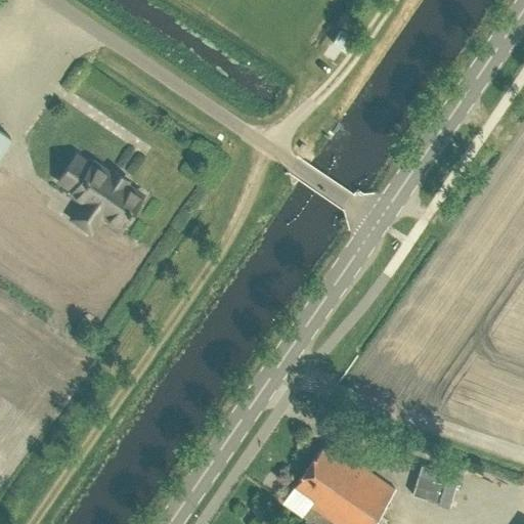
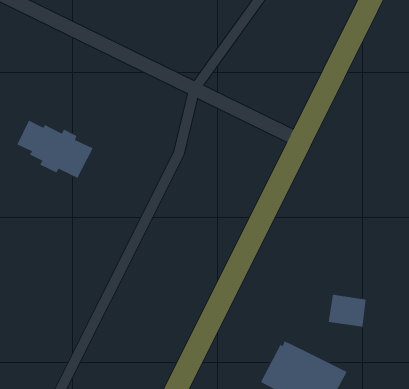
building: [410,465,457,507] -> [328,294,366,327]

